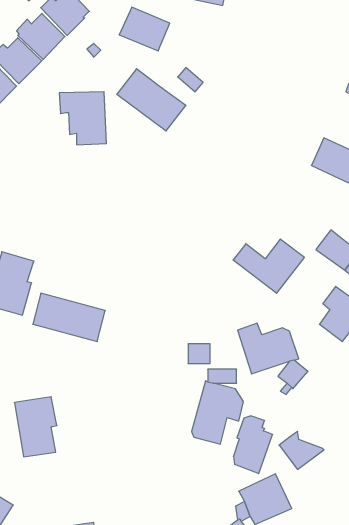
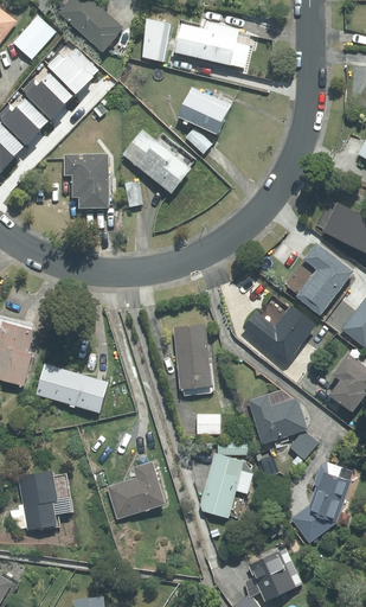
building: [119,7,170,51] -> [179,89,231,134]
building: none -> [296,242,354,315]
building: none -> [172,324,212,389]
building: none -> [107,459,167,517]
building: [233,416,273,474] -> [308,462,348,522]

